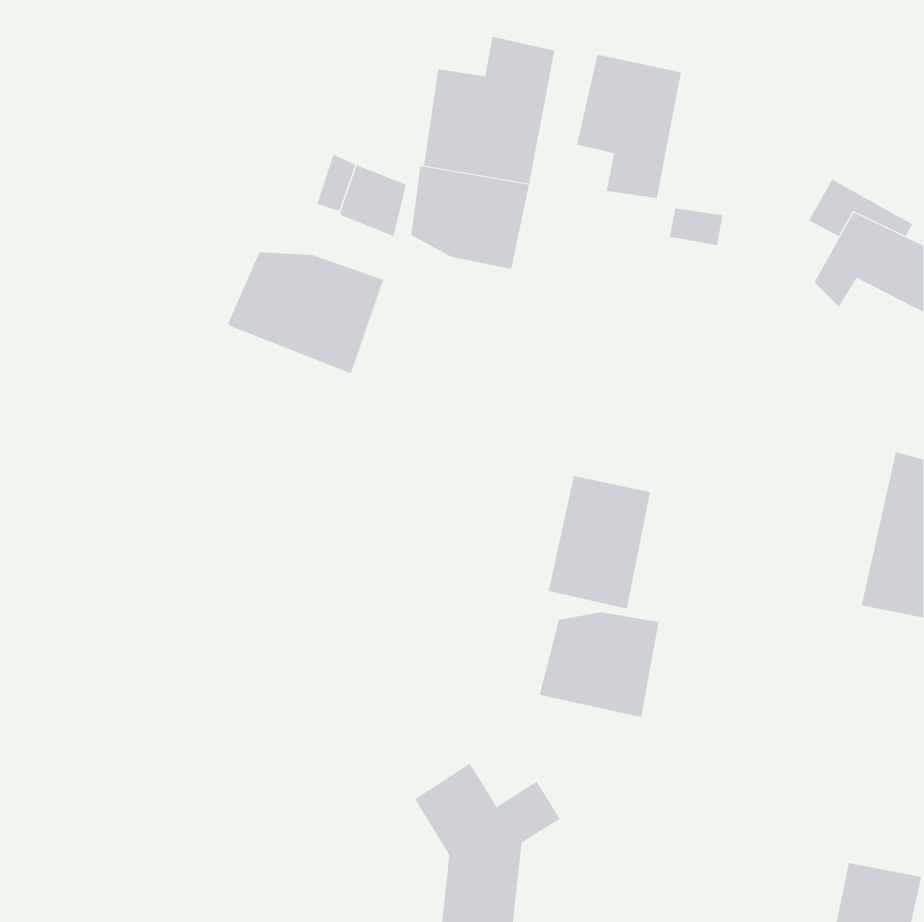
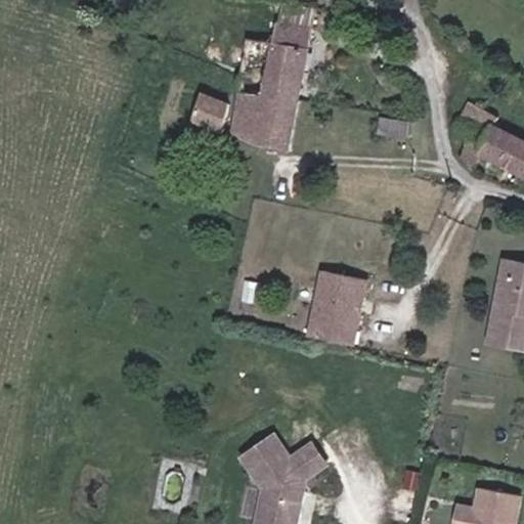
building: [576,54,681,199] -> none
building: [227,252,384,374] -> none
building: [539,611,659,718] -> none

